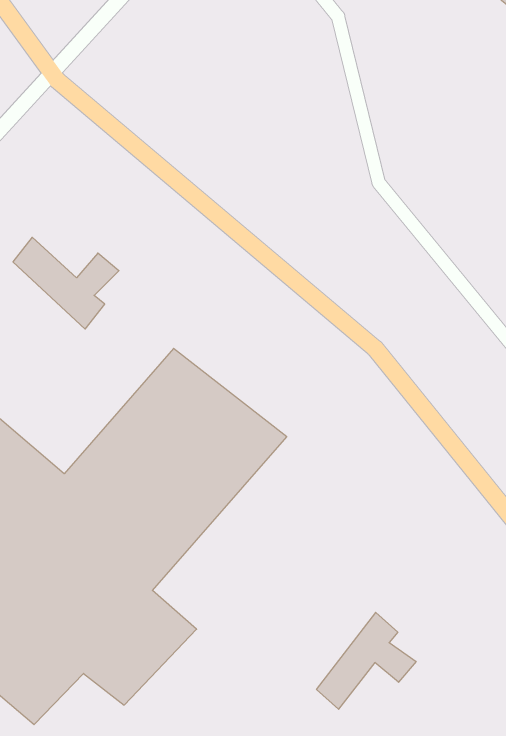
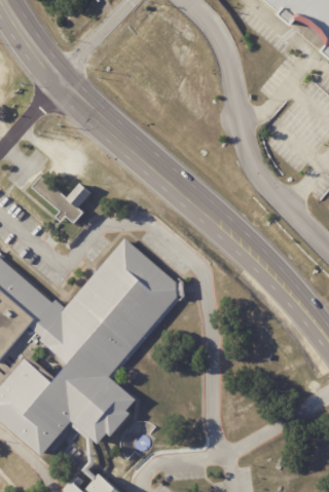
building: [317,612,416,709] -> none

